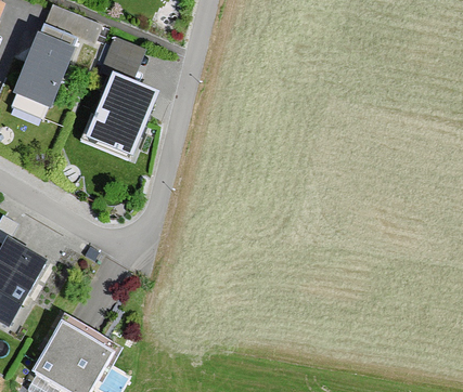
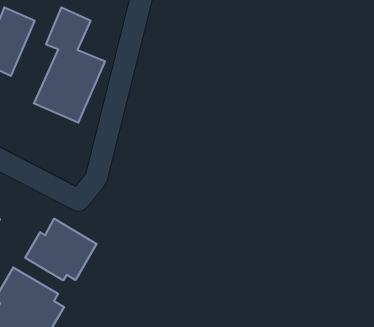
building: none -> [25,219,97,280]

